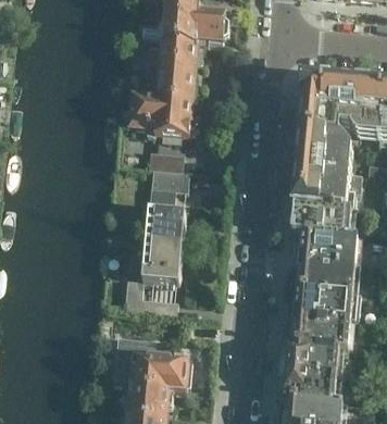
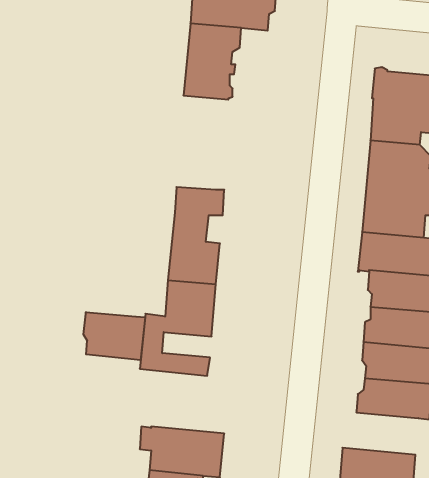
building: [132,93,192,135] -> none
building: [149,148,184,169] -> none
building: none -> [84,312,145,360]
building: [280,339,339,373] -> none

